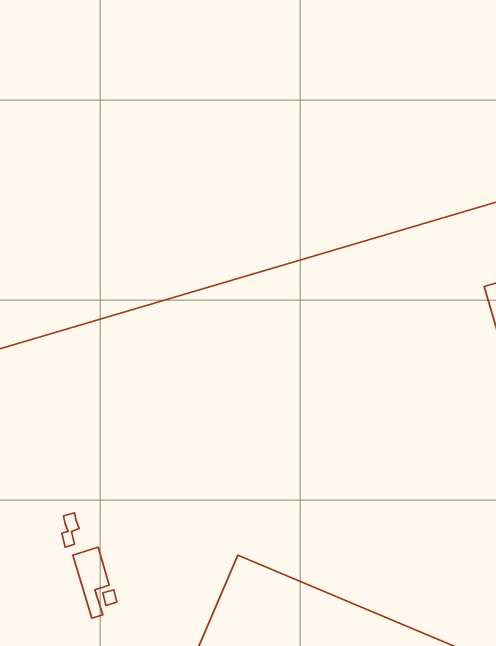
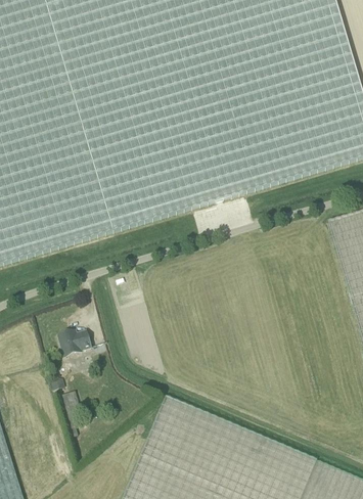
building: none -> [56,325,90,352]

